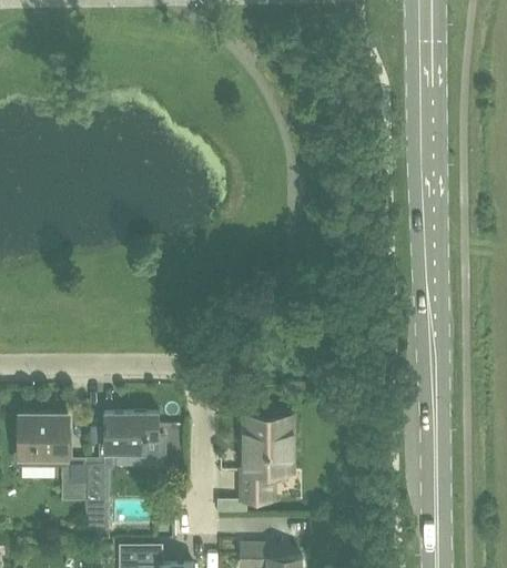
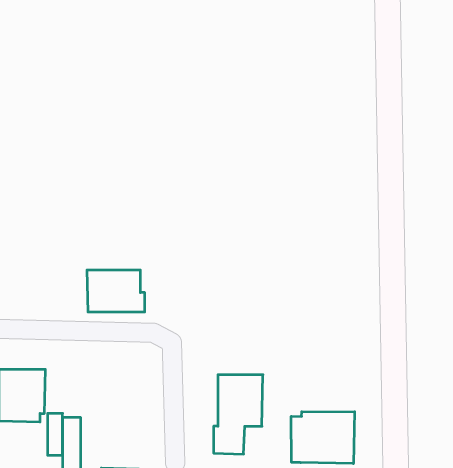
building: [103,413,163,456] -> [87,270,145,312]
building: none -> [291,412,355,464]

